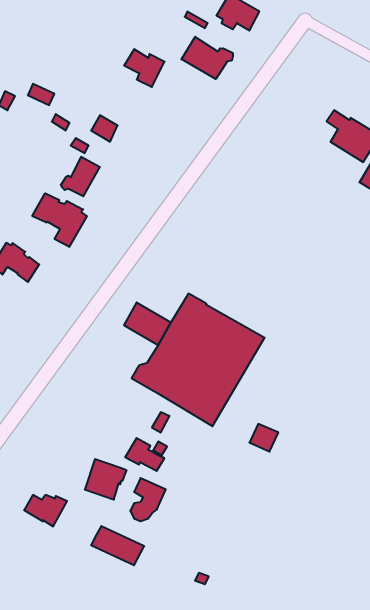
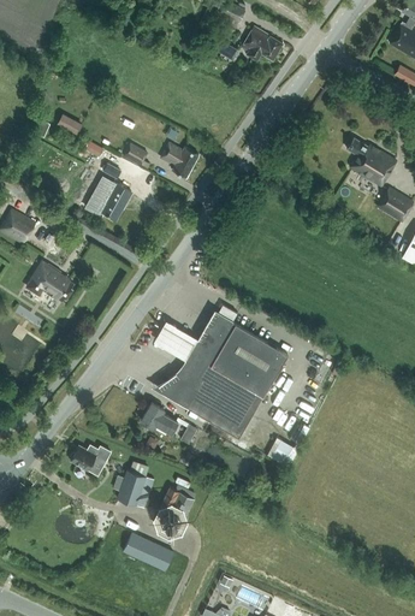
building: [181,37,233,79] -> none
building: [124,49,165,87] -> [160,142,198,178]
building: [32,193,87,247] -> none
building: [125,438,164,471] -> [141,403,178,434]
building: [24,495,67,526] -> [70,445,111,475]

